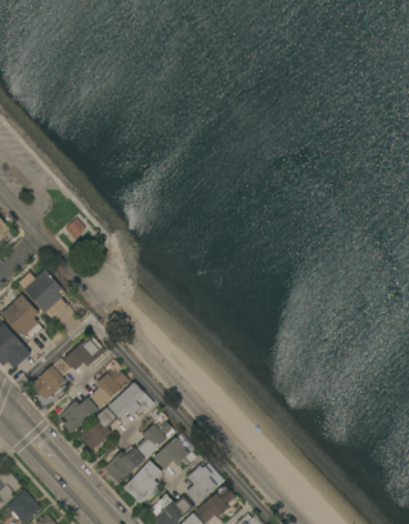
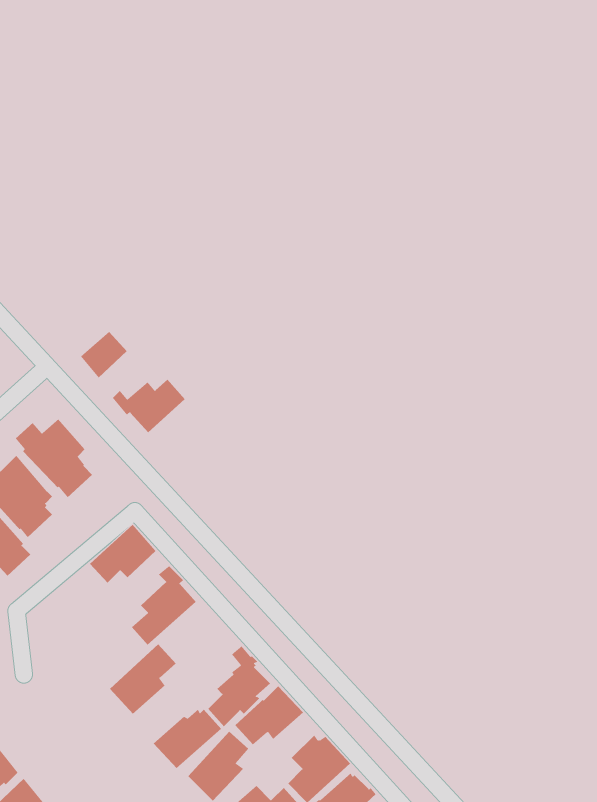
building: none -> [112,379,186,433]
building: [30,359,68,401] -> none
building: [106,382,153,420] -> none
building: [57,397,98,434] -> none

